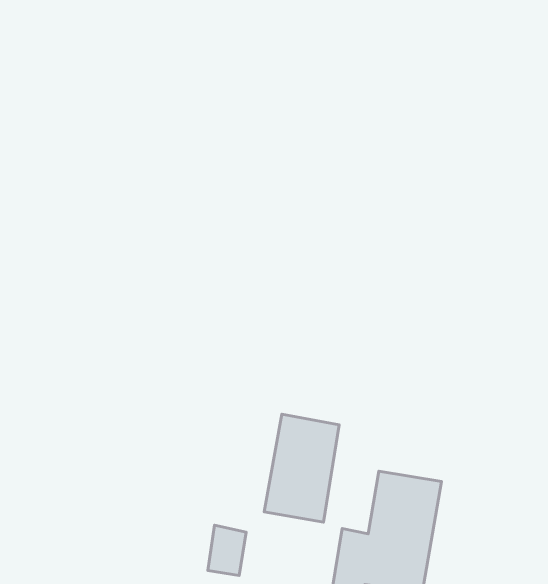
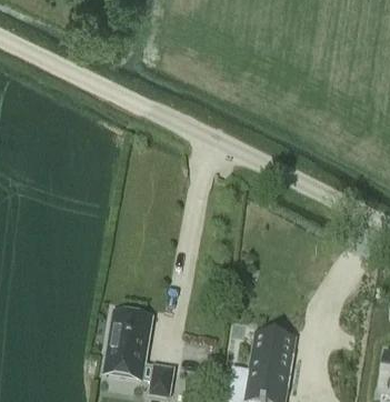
building: [264,414,339,522] -> [103,311,151,380]

